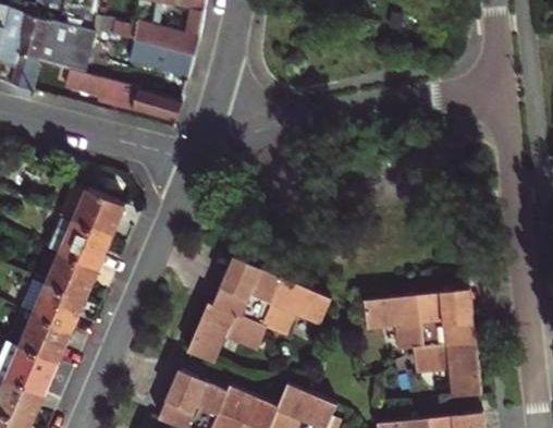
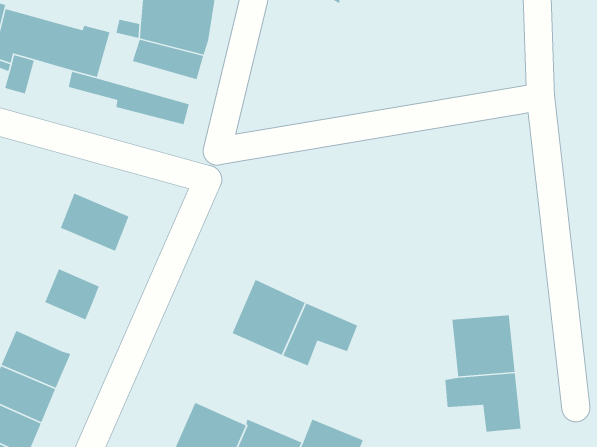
building: [45,211,109,265] -> none
building: [17,273,82,327] -> none
building: [365,295,423,352] -> none
building: [189,306,265,365] -> none

